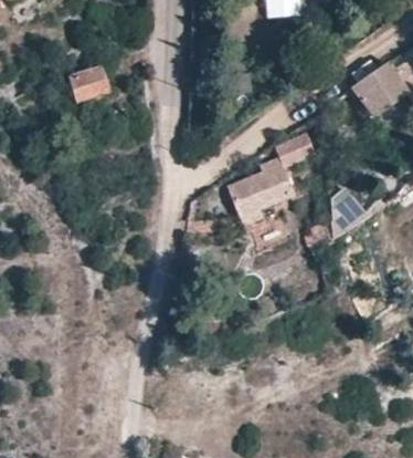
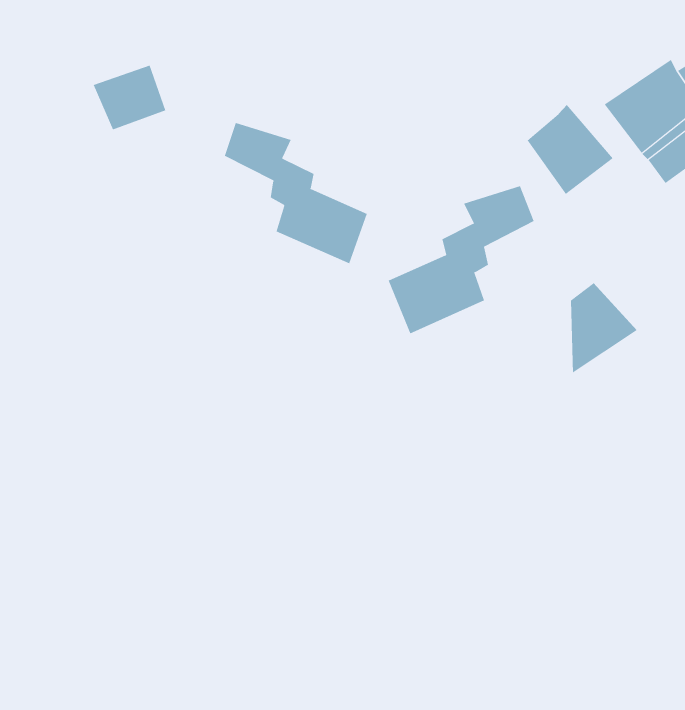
building: none -> [527,104,614,195]
building: none -> [224,122,367,264]

